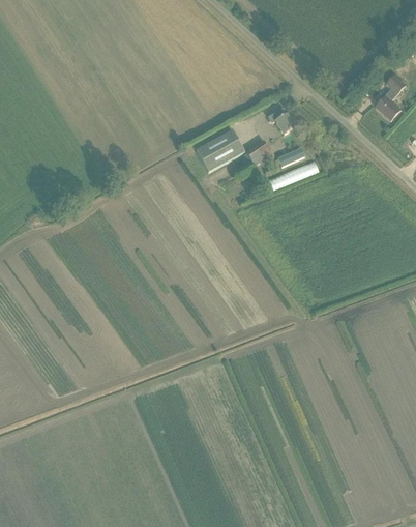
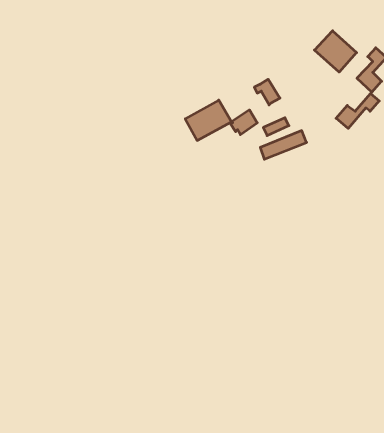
building: none -> [314,31,357,72]
building: none -> [336,93,379,128]

